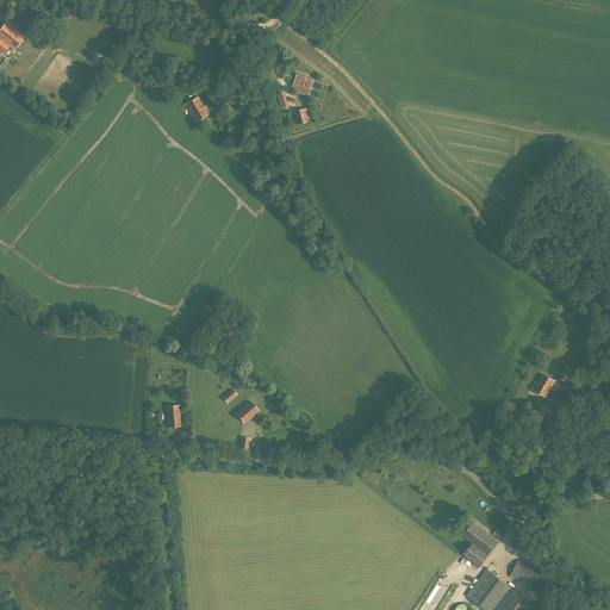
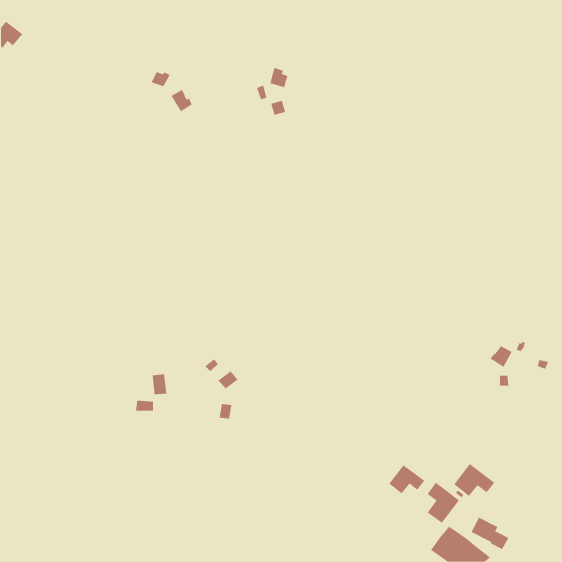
building: none -> [454,463,495,497]
building: none -> [389,464,425,494]

